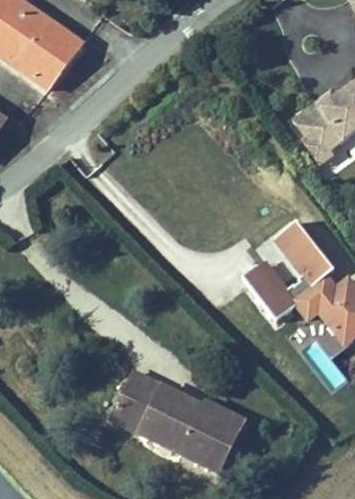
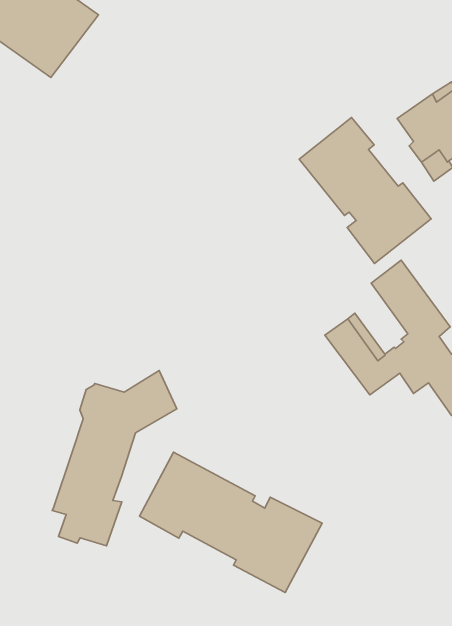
building: none -> [299,118,431,264]
building: none -> [52,371,177,546]

